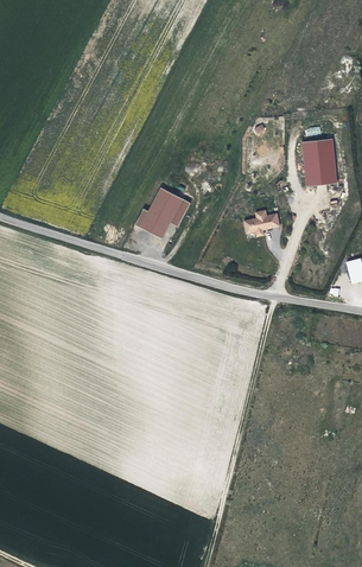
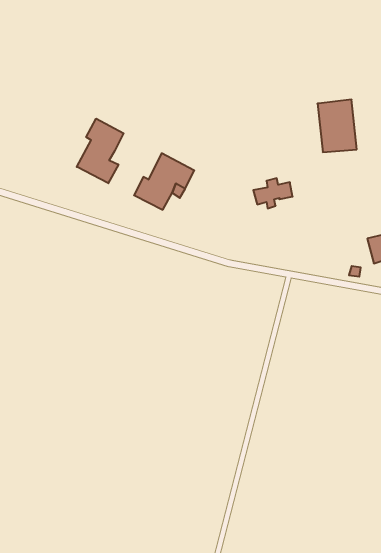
building: none -> [77,119,124,183]

